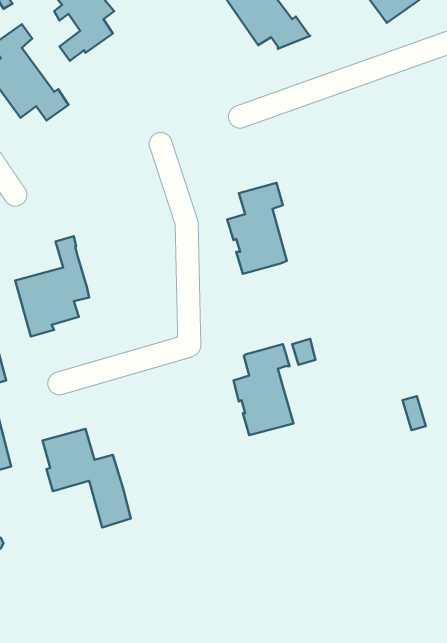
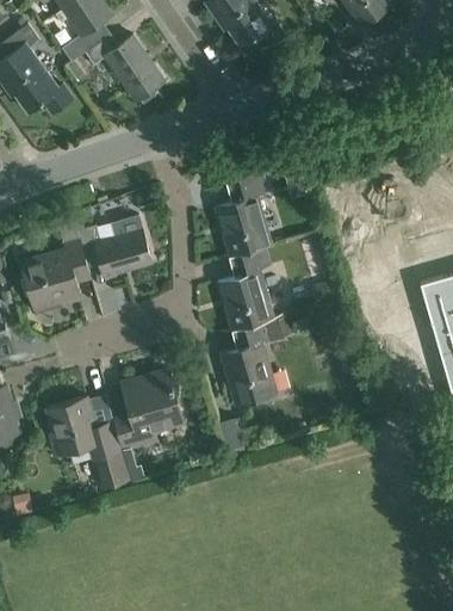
building: none -> [86,35,165,101]
building: none -> [76,216,150,277]
building: none -> [218,246,274,329]
building: none -> [114,374,182,451]

